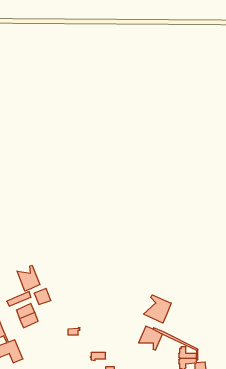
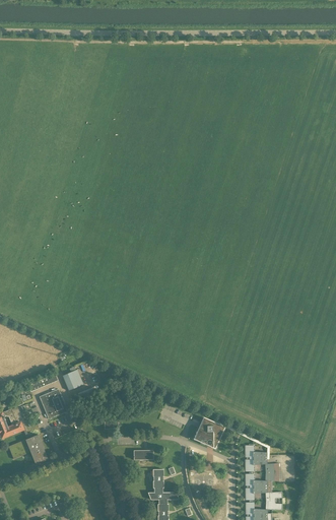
building: [17,265,40,291] -> none
building: [143,295,171,323] -> none

